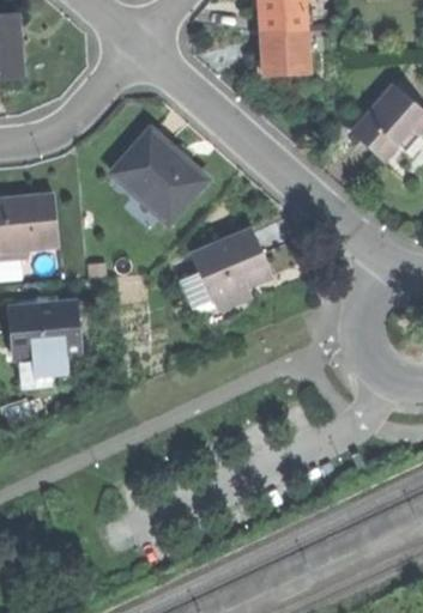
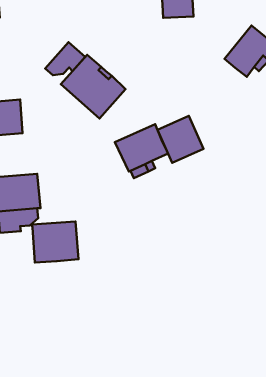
building: none -> [45,42,85,75]
building: none -> [158,116,204,163]
building: none -> [32,222,78,263]

